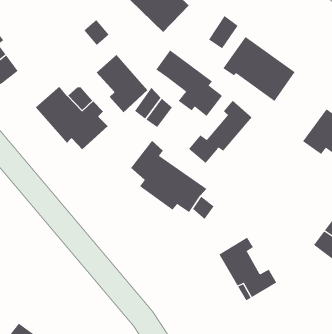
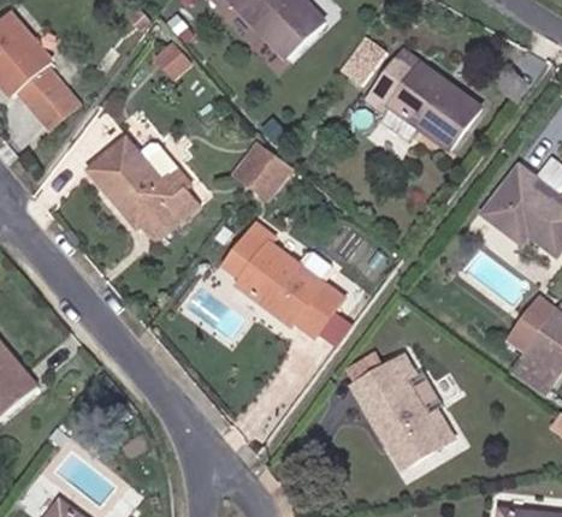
building: [156,50,223,117] -> none
building: [96,54,148,113] -> none
building: [188,100,252,164] -> none

